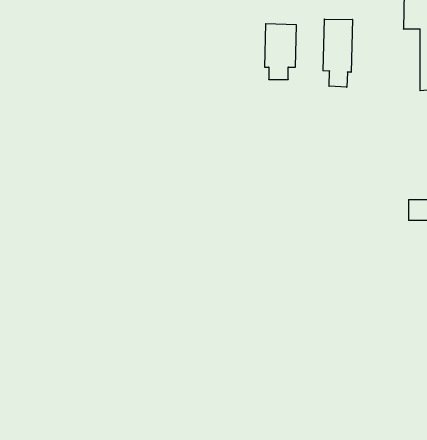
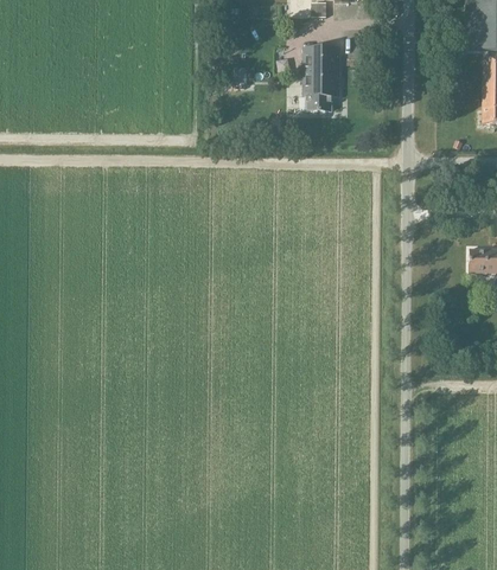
building: [323,19,352,87] -> none

